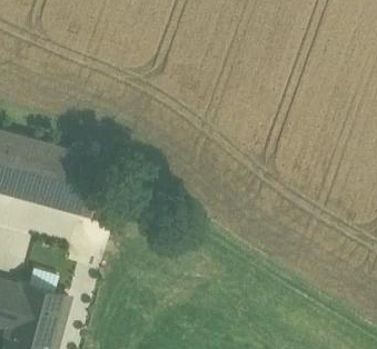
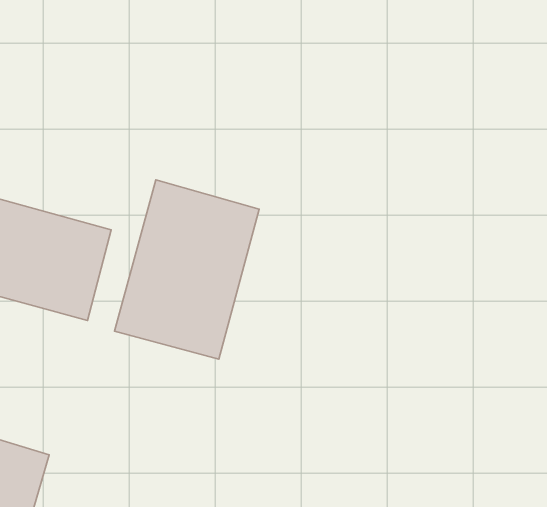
building: none -> [115,180,259,359]

